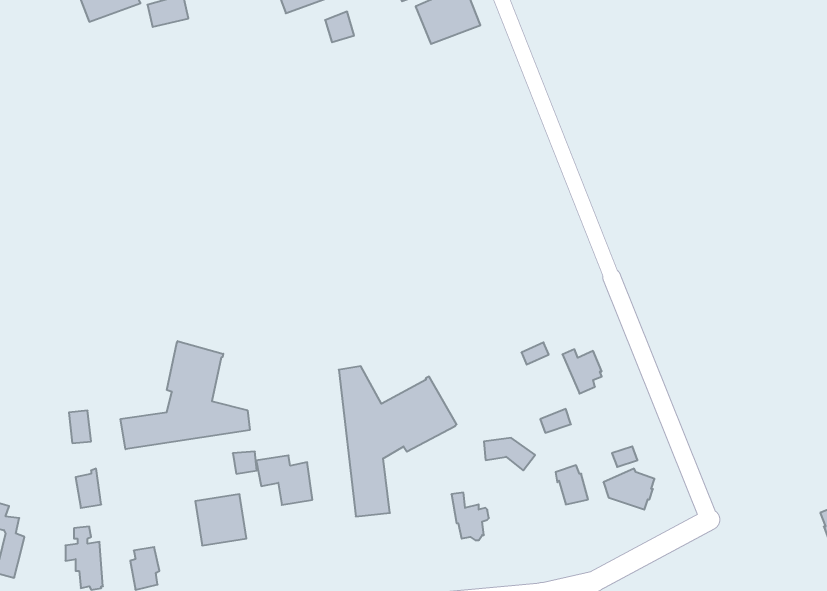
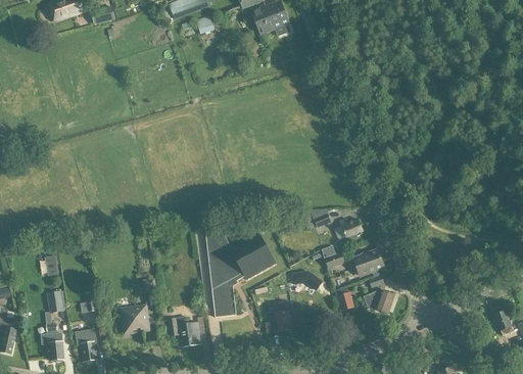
building: [121,341,250,449] -> none
building: none -> [353,249,383,275]
building: [256,455,312,505] -> [167,317,200,346]

